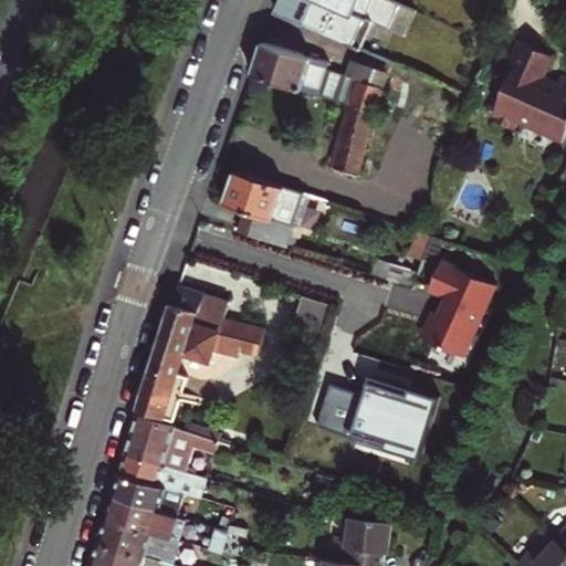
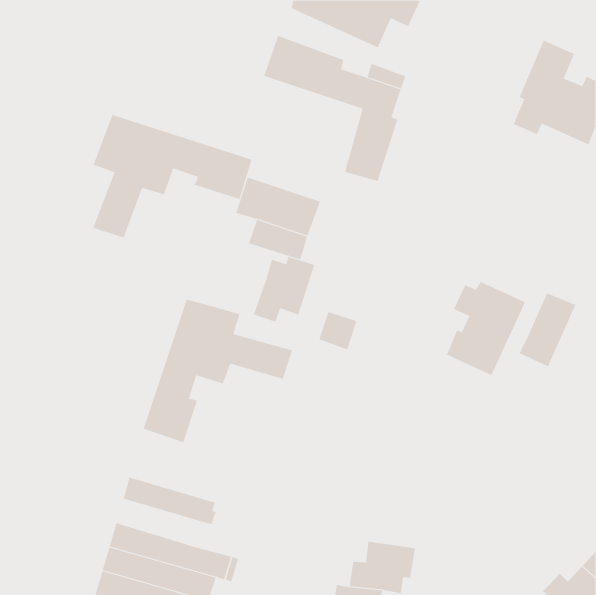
building: none -> [93,114,252,239]
building: none -> [253,256,315,322]
building: none -> [519,293,576,367]
building: [316,378,439,471] -> none
building: [122,415,217,472] -> none
building: [109,474,188,518] -> none

